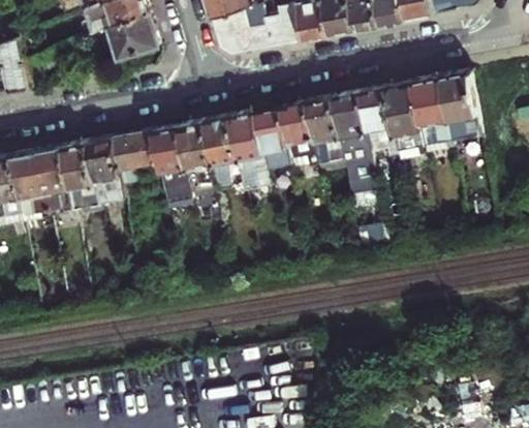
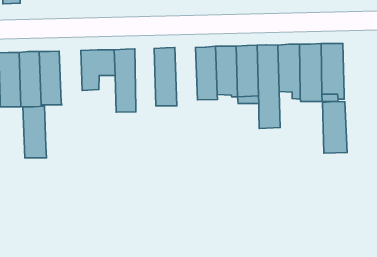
building: [436,70,476,139] -> [323,102,347,153]
building: [227,109,267,190] -> none
building: [178,118,215,196] -> none
building: [84,134,123,203] -> [23,106,46,158]

